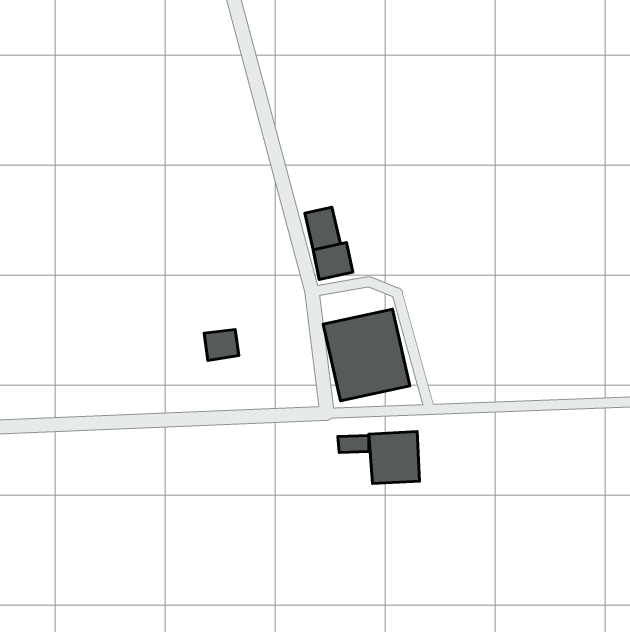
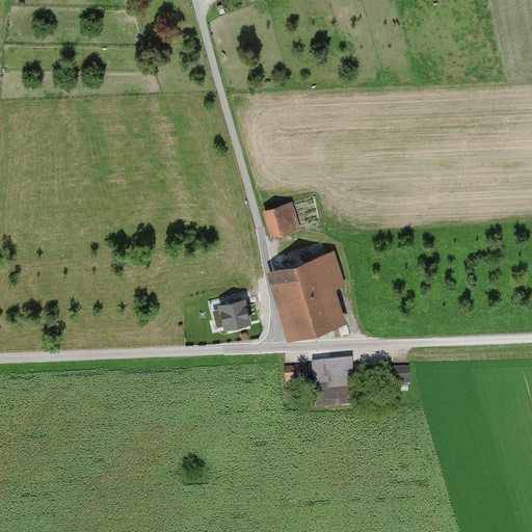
building: [305,207,340,250] -> none
building: [204,330,239,361] -> [218,299,247,325]

